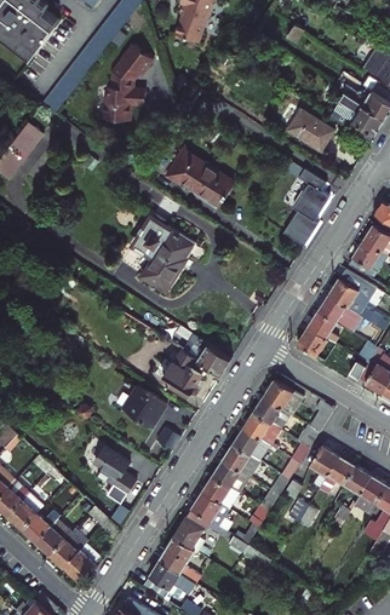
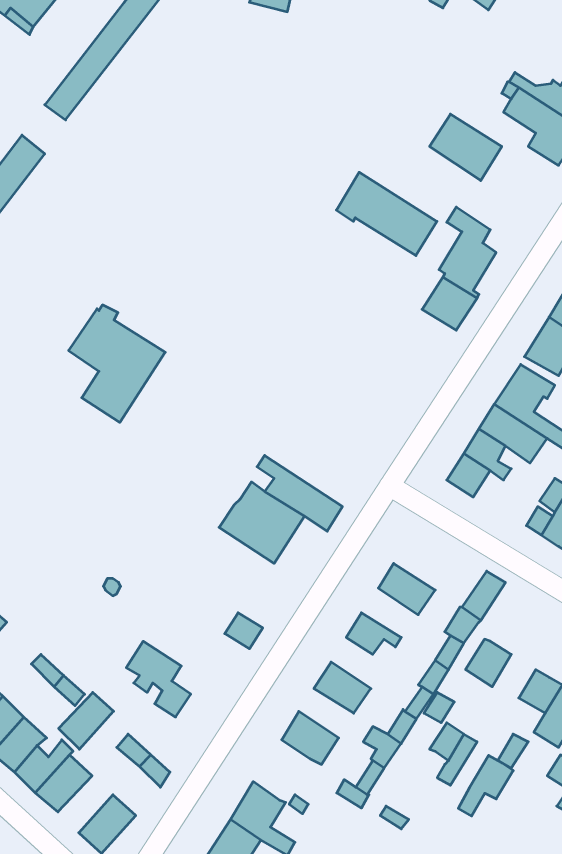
building: [110,45,151,122] -> none
building: [168,151,233,205] -> [336,172,437,256]
building: [133,215,195,291] -> [69,305,165,422]
building: [264,378,304,414] -> none
building: [122,386,166,426] -> none
building: [243,412,280,448] -> none
building: [224,443,259,476] -> none
building: [320,454,355,493] -> [458,755,513,816]
building: [203,476,239,507] -> none
building: [174,508,211,547] -> none
building: [50,531,85,568] -> [59,692,114,749]

